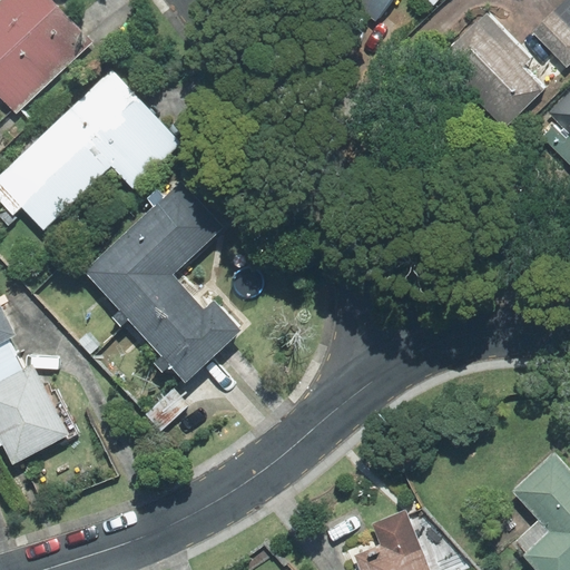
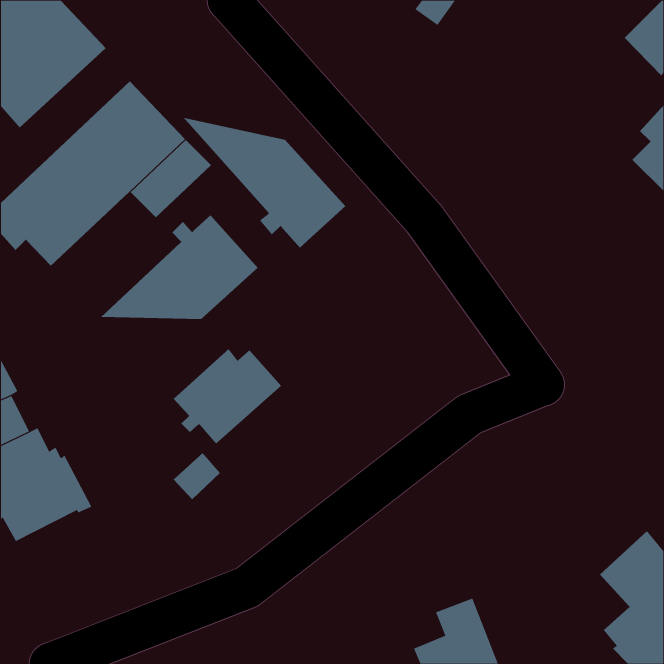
building: [439,13,542,127] -> none
building: none -> [182,117,346,248]
building: [86,272,196,342] -> none

